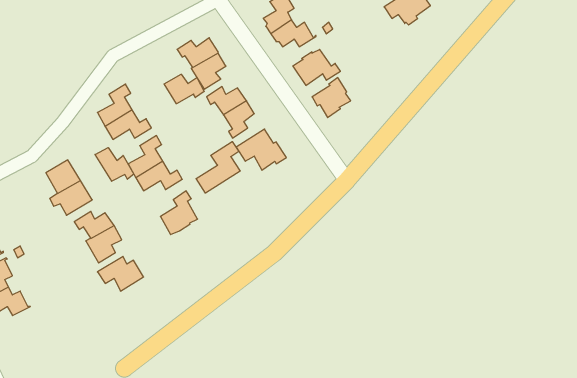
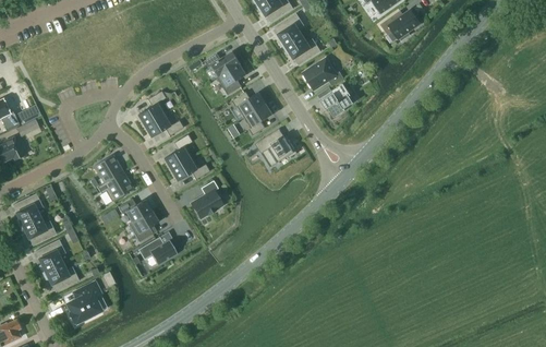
building: [164,74,204,104] -> none
building: [196,142,240,193] -> none
building: [95,148,134,181] -> none
building: none -> [61,282,97,324]

